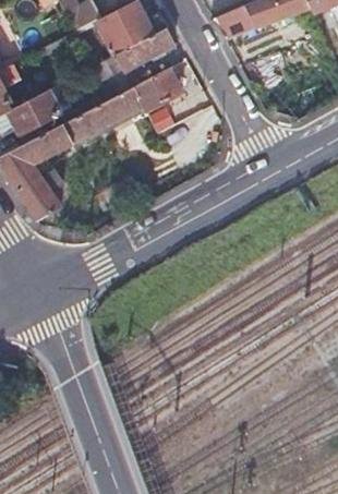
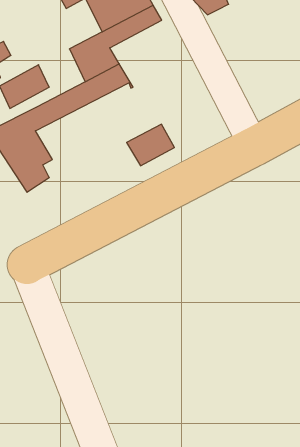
building: [130,70,179,112] -> [127,124,174,166]

